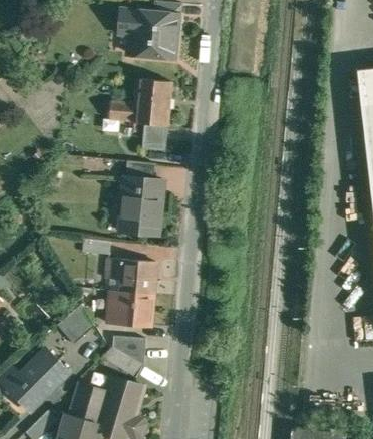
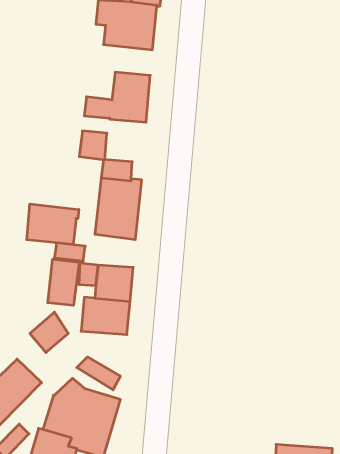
building: [142,124,168,151] -> [79,131,107,160]
building: none -> [27,204,79,245]
building: none -> [48,259,79,305]
building: [112,335,146,365] -> none

